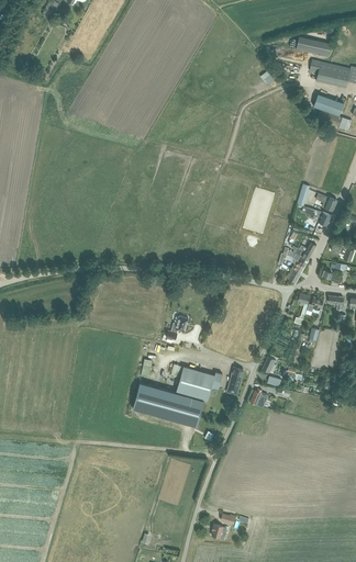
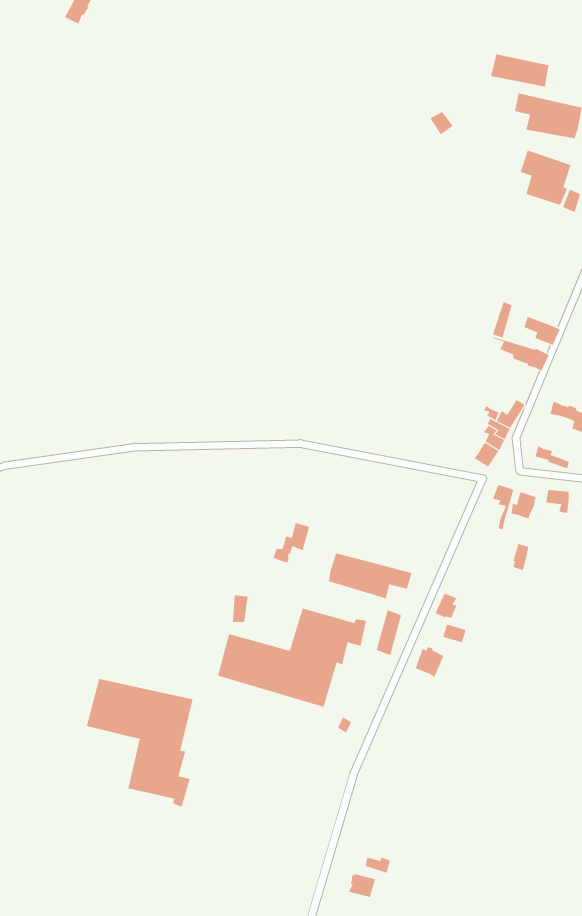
building: none -> [328,553,412,599]
building: none -> [86,678,193,807]

